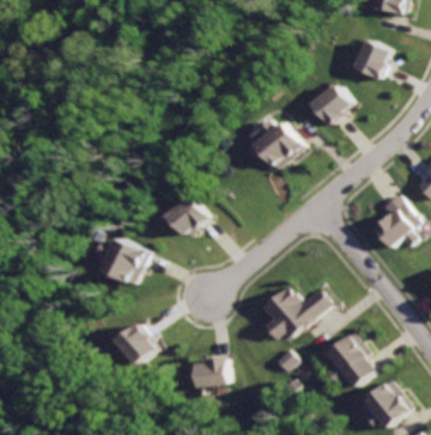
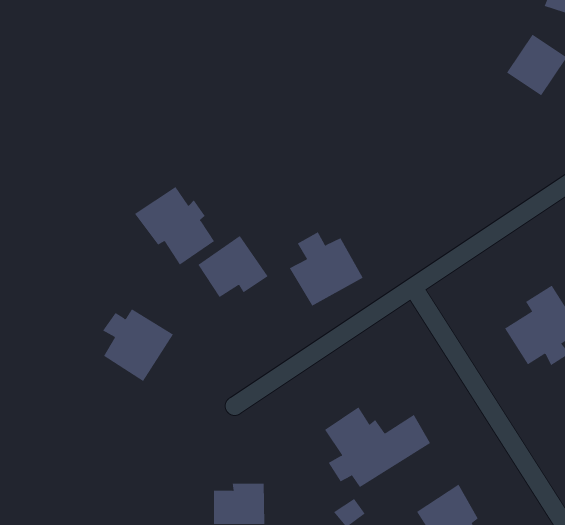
building: [306,74,348,121] -> none
building: [260,125,310,175] -> [289,231,364,307]
building: none -> [134,186,215,266]
building: [105,316,151,358] -> none

